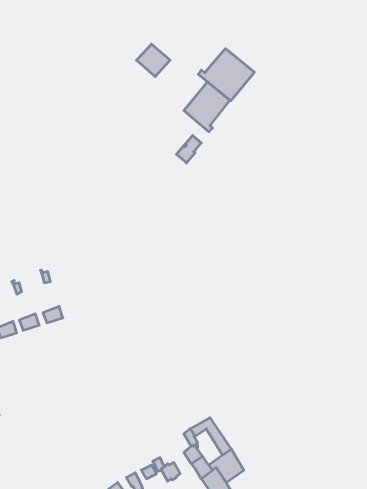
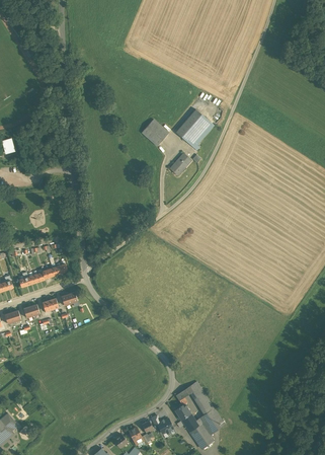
building: [136,44,170,77] -> [141,120,168,146]
building: [198,49,254,101] -> none

